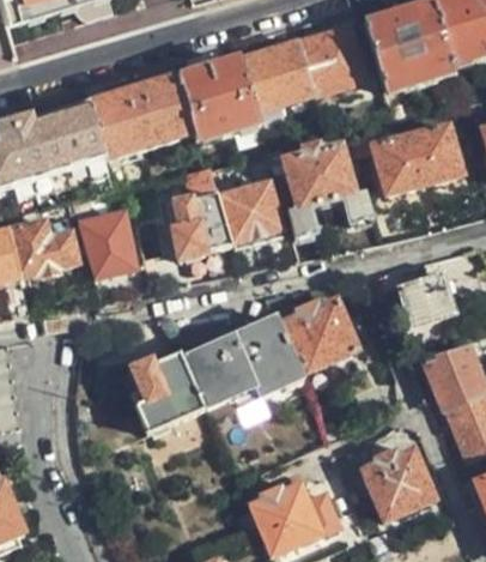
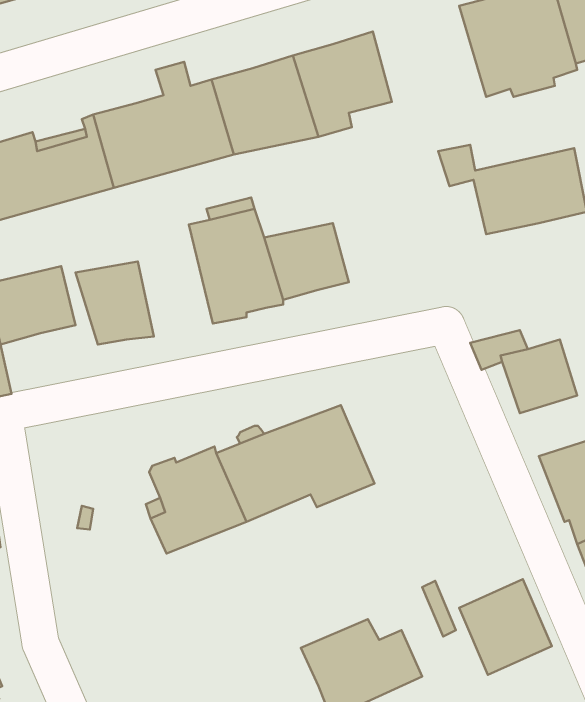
building: [299,25,364,93] -> none
building: [285,145,375,237] -> none
building: [284,300,357,371] -> none

